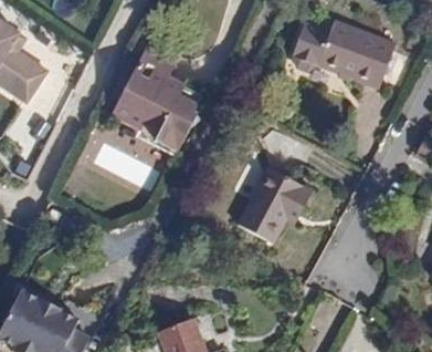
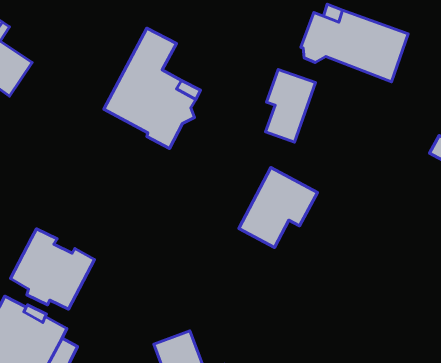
building: none -> [266,69,316,142]
building: none -> [10,229,95,309]

